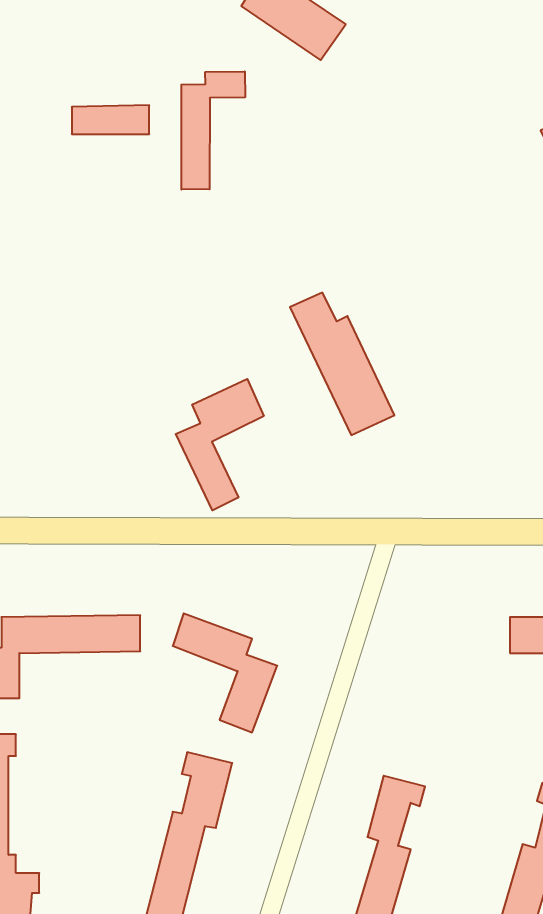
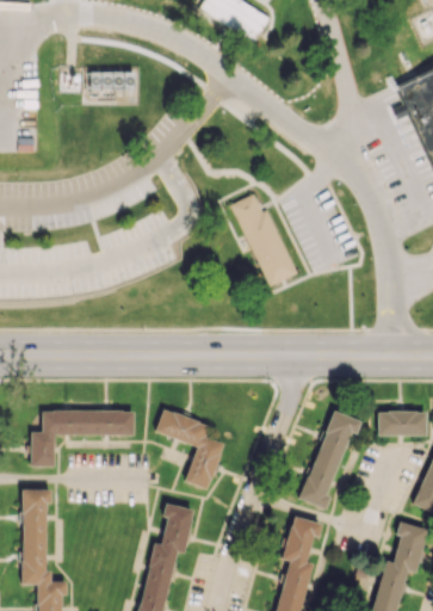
building: [181,71,245,190] -> none
building: [176,379,264,510] -> none
building: none -> [299,411,360,510]

